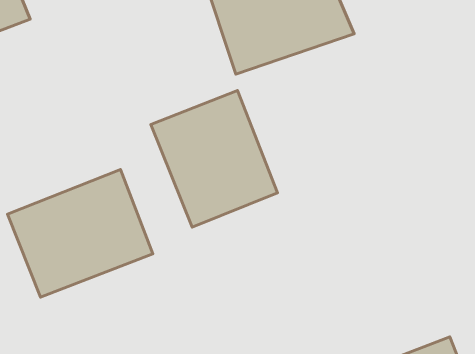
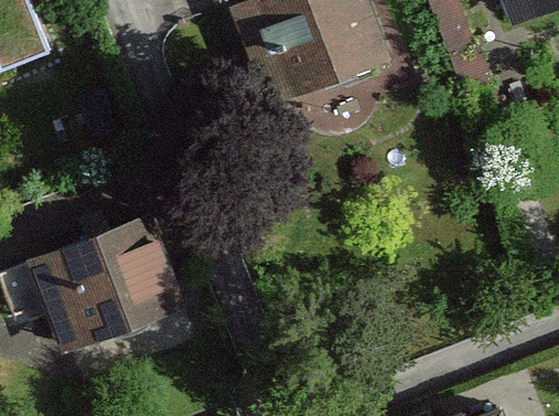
building: [151,90,278,227] -> none

